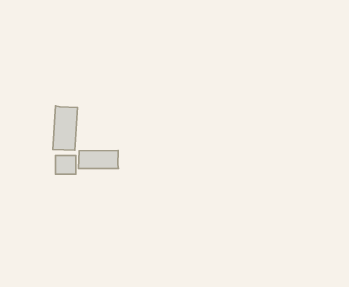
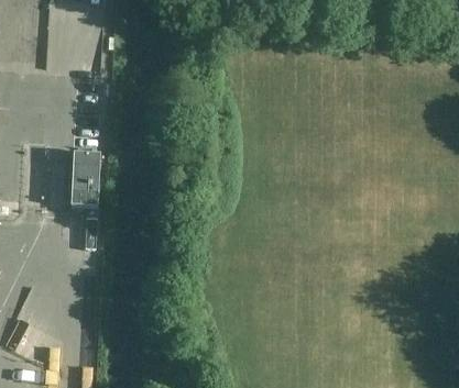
building: [79,151,118,169] -> none

